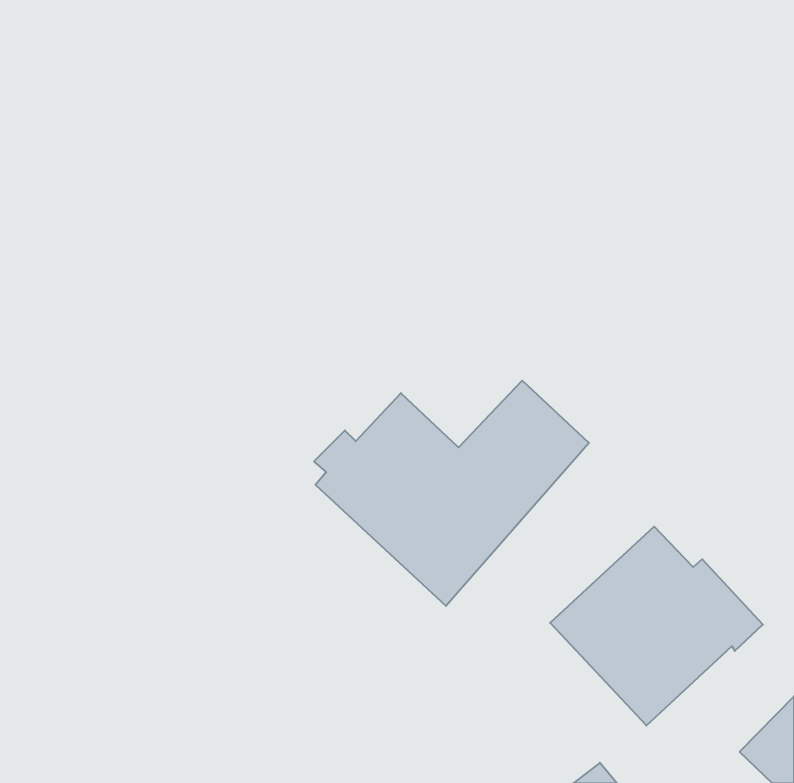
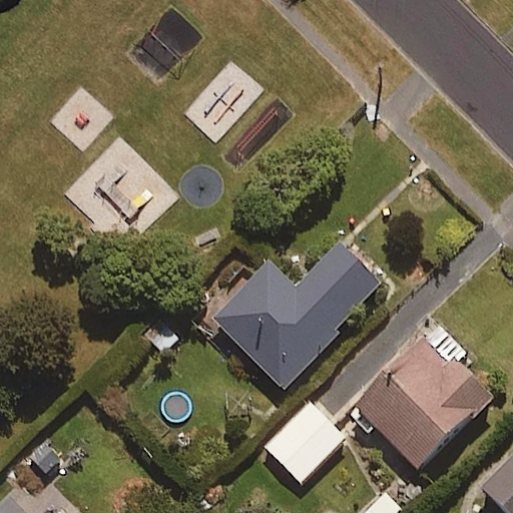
building: none -> [264,400,344,480]

